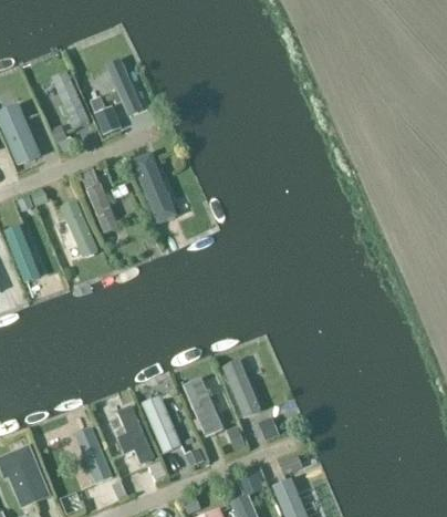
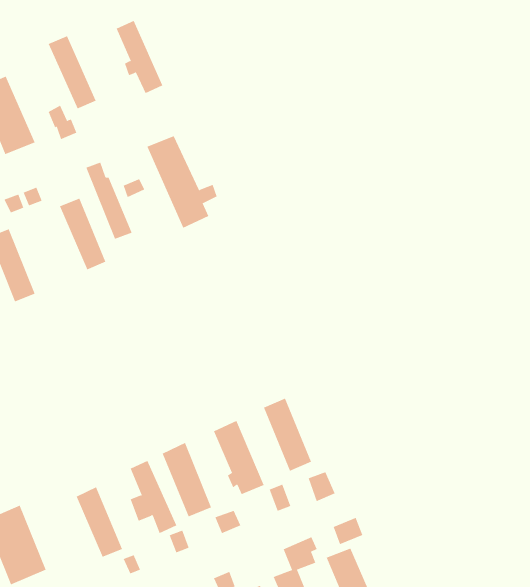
building: [89,96,122,135] -> none

